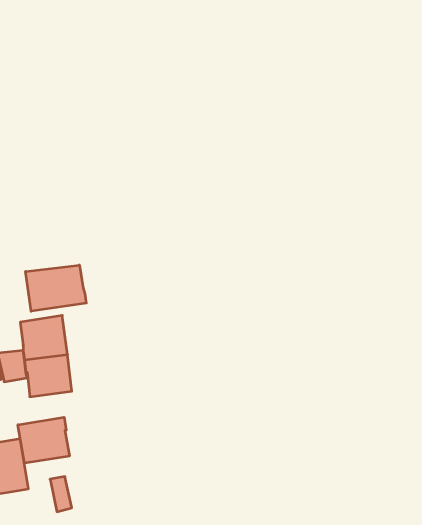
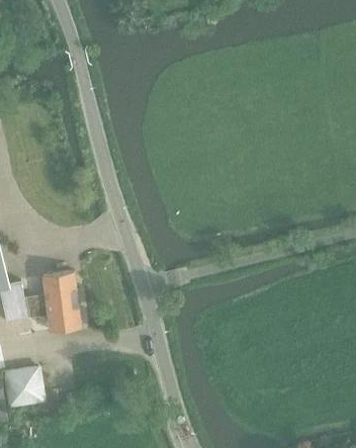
building: [26,265,86,311] -> none
building: [18,417,69,463] -> none

